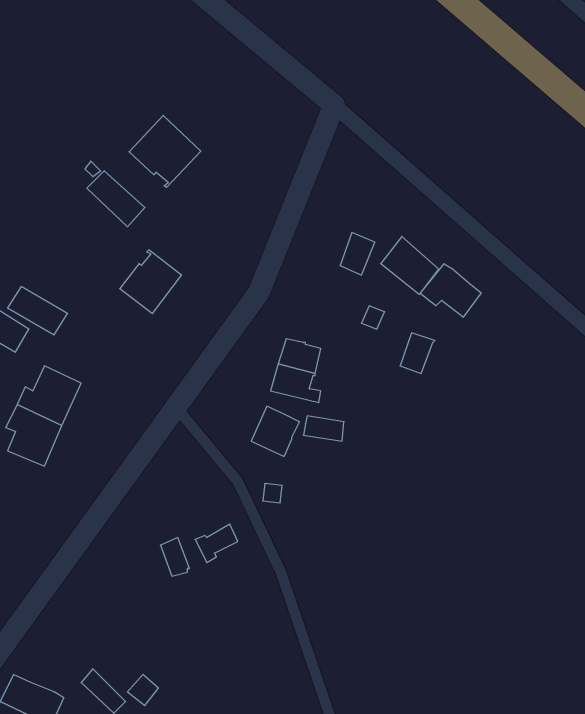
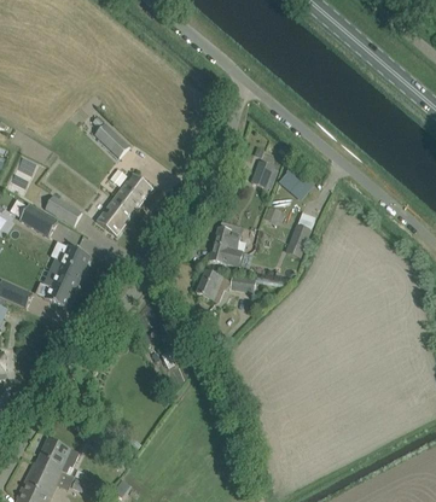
building: [129,115,201,187] -> none
building: [420,264,481,317] -> none
building: none -> [97,195,135,235]

